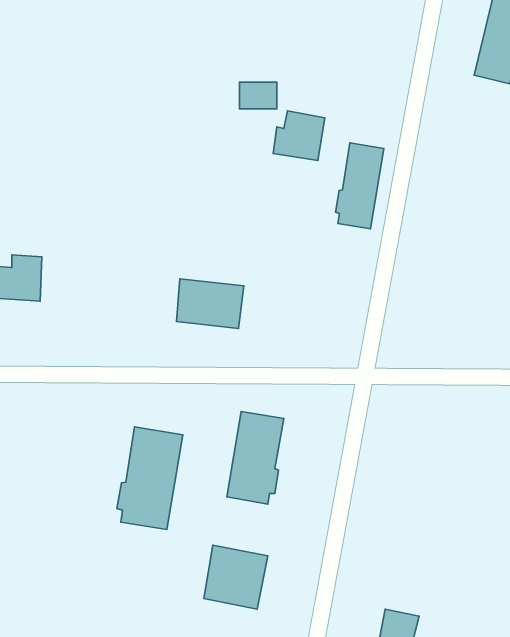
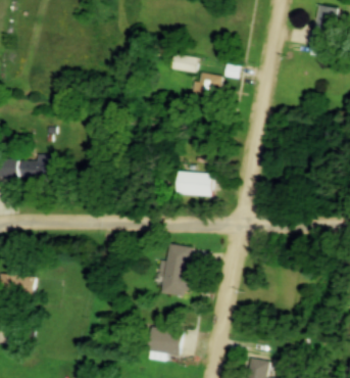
building: [335,143,384,229] -> none
building: [176,279,244,329] -> [177,170,215,198]
building: [117,427,183,530] -> none

